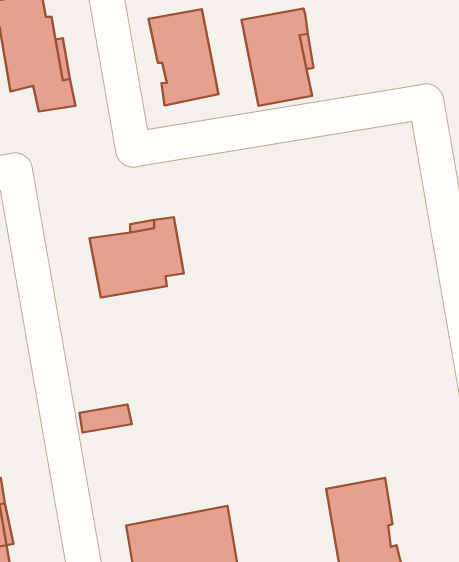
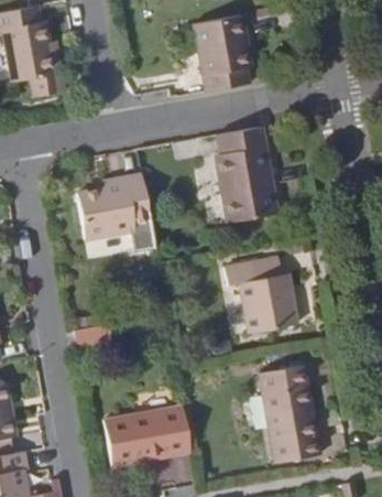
building: [148,9,218,105] -> none
building: none -> [215,128,277,225]
building: none -> [225,253,296,328]

